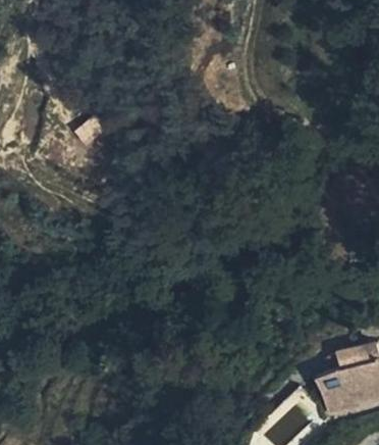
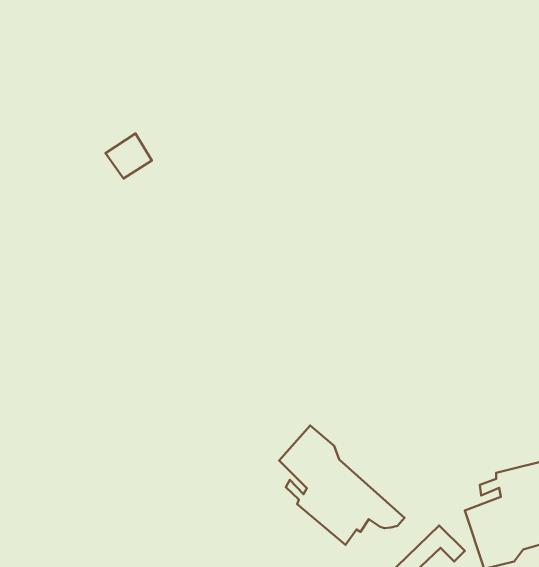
building: none -> [279,426,405,545]

